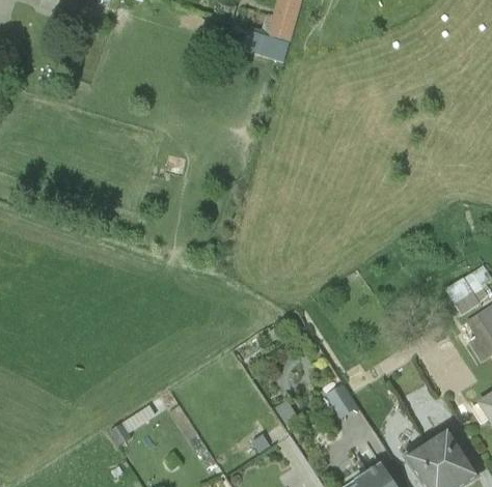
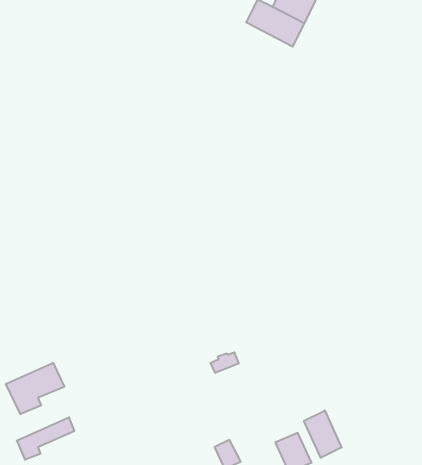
building: none -> [6,363,64,414]
building: none -> [304,410,342,458]

